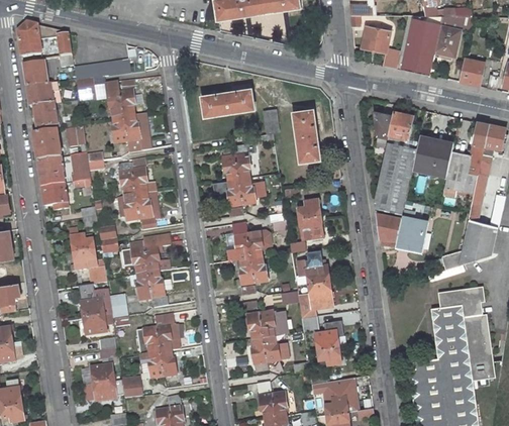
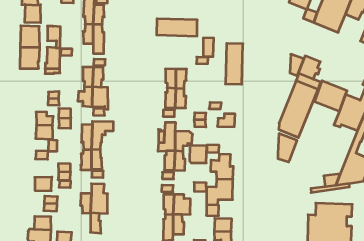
building: [41,183,68,210] -> none
building: [299,214,323,238] -> [190,146,207,163]
building: [396,216,427,248] -> none
building: [81,299,104,319] -> none
building: [140,351,164,378] -> none

